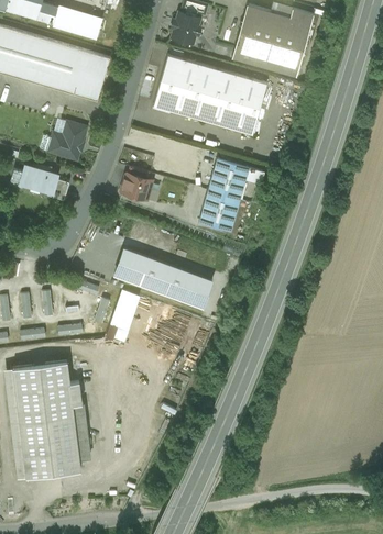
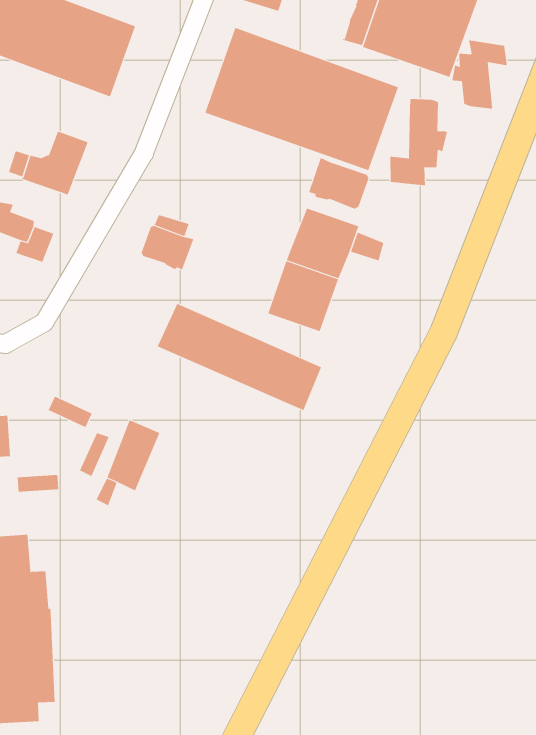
building: none -> [452,39,507,109]
building: none -> [390,98,447,186]
building: none -> [308,157,369,209]
building: [113,249,211,308] -> [157,303,322,411]

